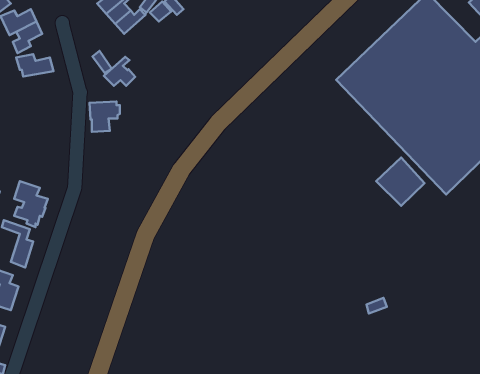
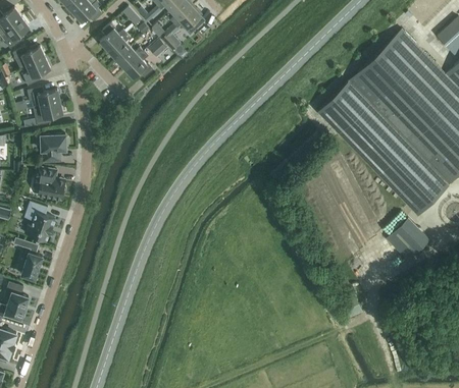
building: [104,57,135,86] -> [125,51,154,77]
building: none -> [34,102,63,125]
building: [89,102,120,132] -> [42,134,69,162]
building: none -> [35,167,67,200]
building: [376,157,425,206] -> [386,217,429,261]

